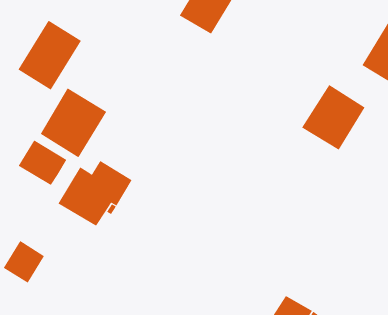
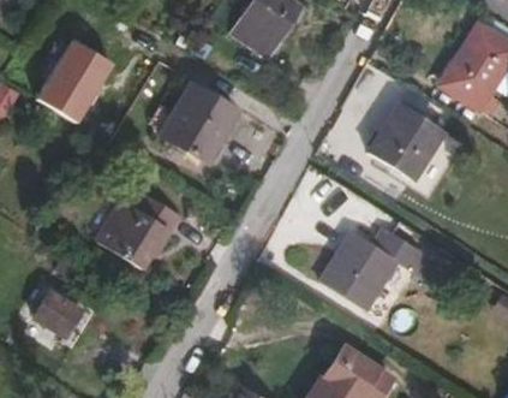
building: [40,87,107,158] -> [157,87,234,167]
building: [18,140,67,186] -> none
building: none -> [325,232,428,315]

